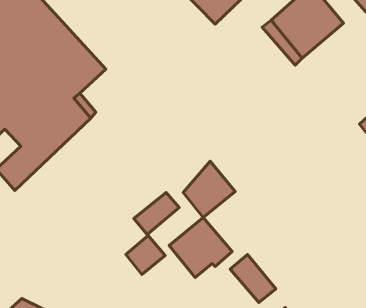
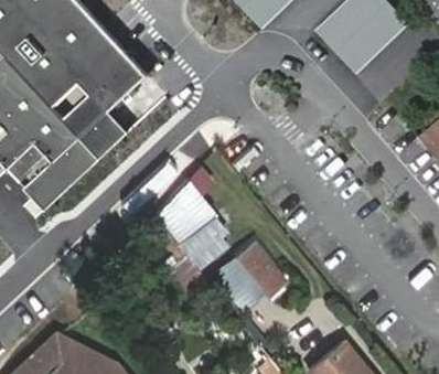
building: [183,161,235,217] -> [152,180,210,242]
building: [230,254,276,303] -> none

